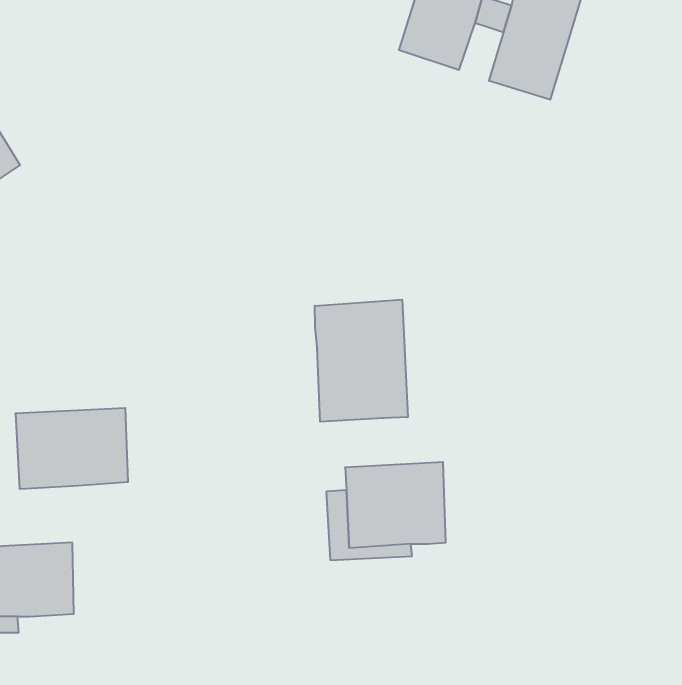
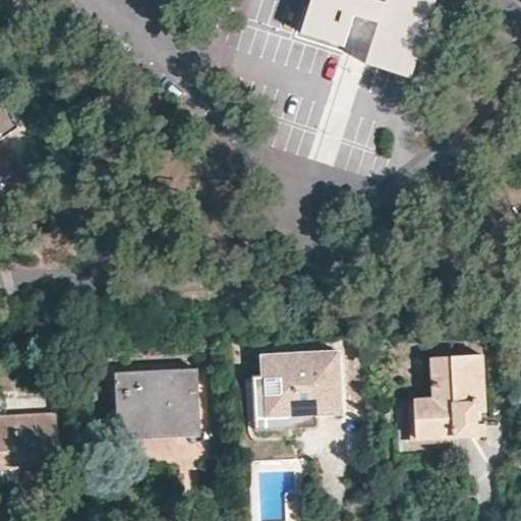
building: [315,300,408,422] -> none
building: [15,408,128,489] -> [113,368,198,429]
building: none -> [410,353,482,438]

